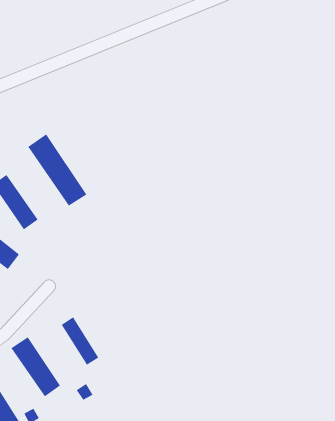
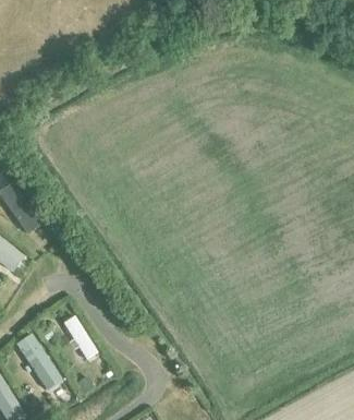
building: [27,134,87,206] -> none

